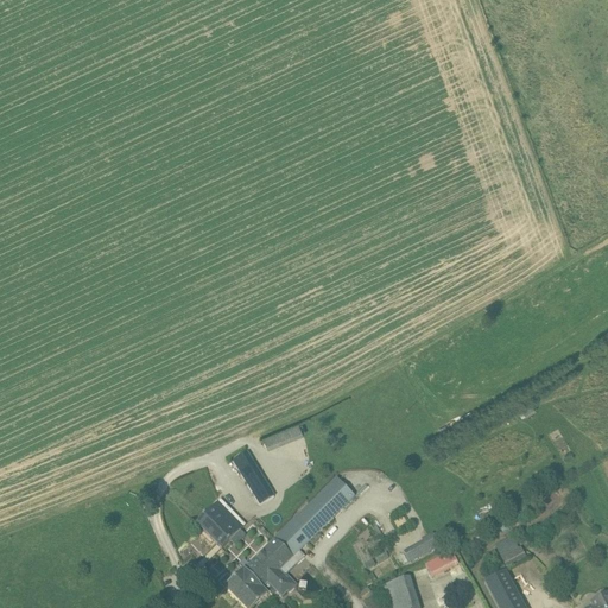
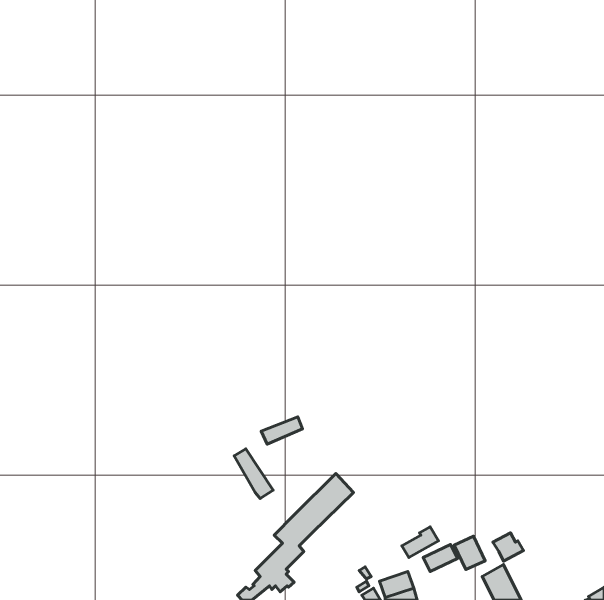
building: [197,499,242,545] -> none
building: [226,538,284,598] -> none
building: none -> [454,536,485,570]

